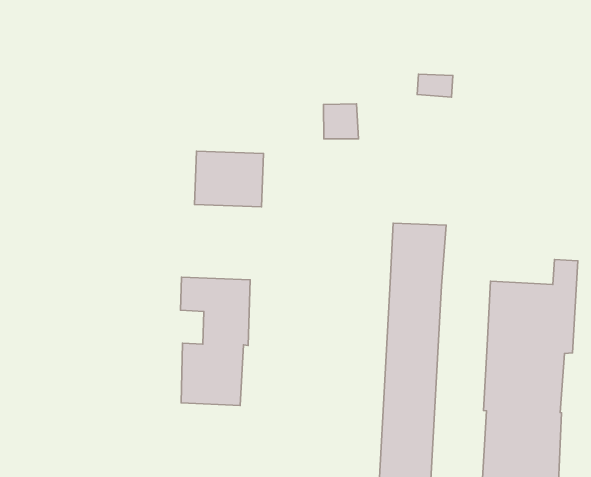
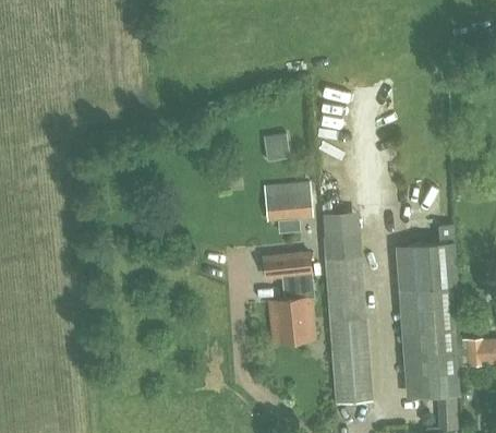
building: [194,151,264,207] -> [263,181,313,222]
building: [180,277,250,406] -> [262,252,314,344]

